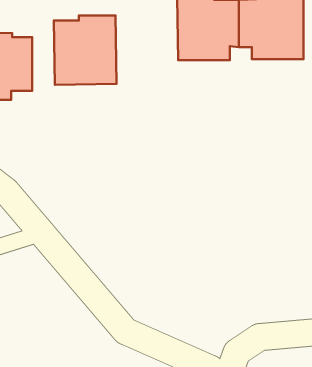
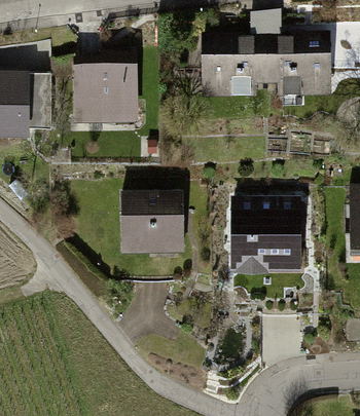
building: none -> [121,189,185,253]
building: none -> [232,197,303,273]

